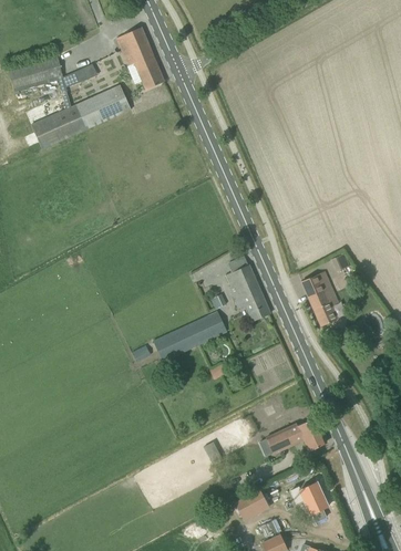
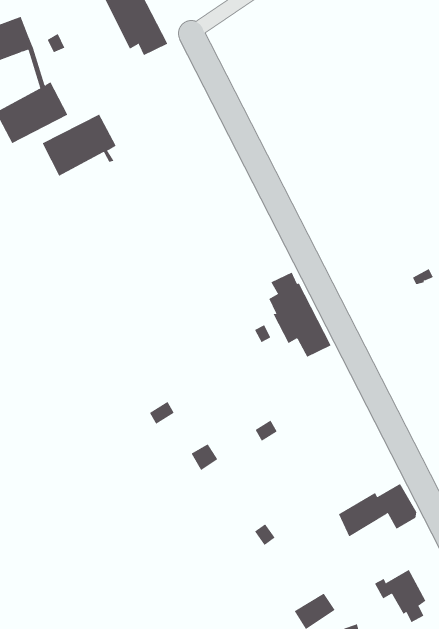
building: [75,84,131,128] -> [42,114,117,176]
building: [301,272,338,325] -> none
building: [154,310,227,361] -> none

